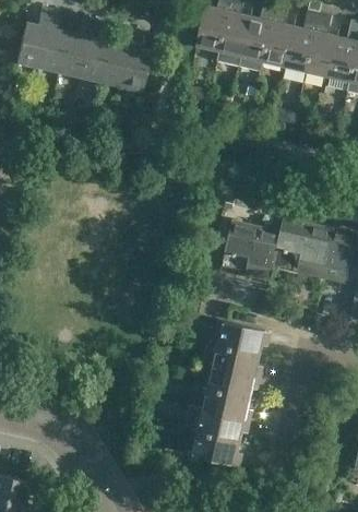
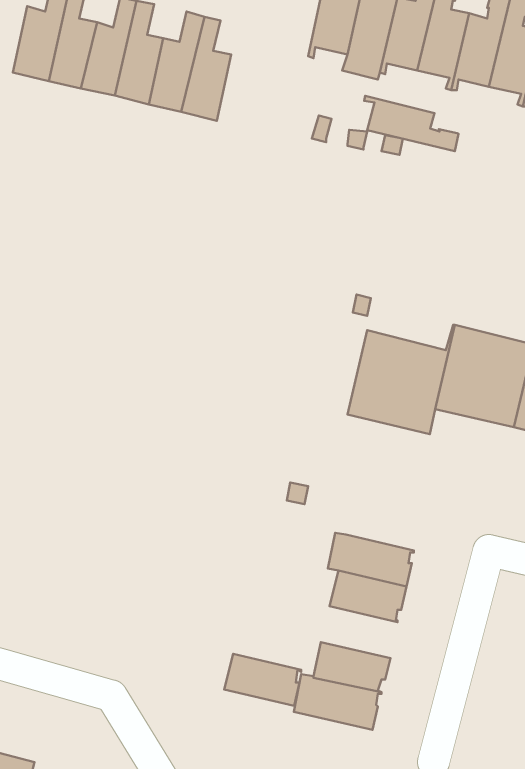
building: none -> [364,96,458,151]
building: [216,321,265,355] -> none
building: [203,389,250,420] -> [224,654,301,706]

